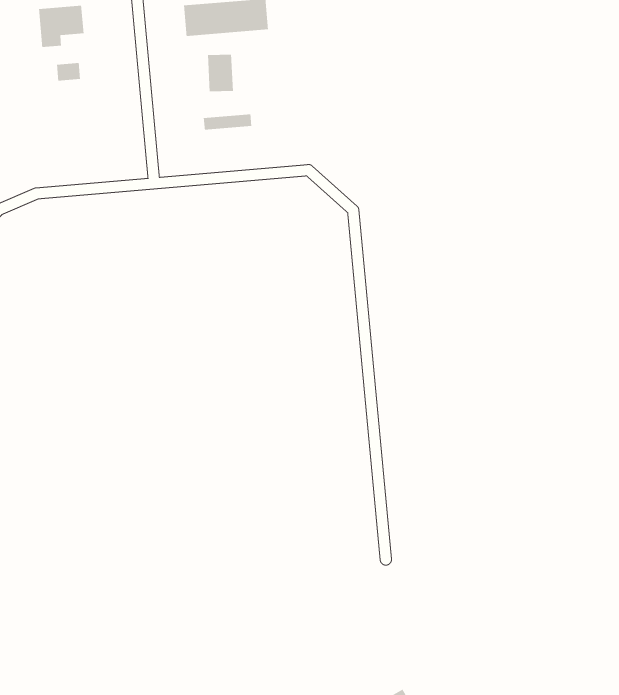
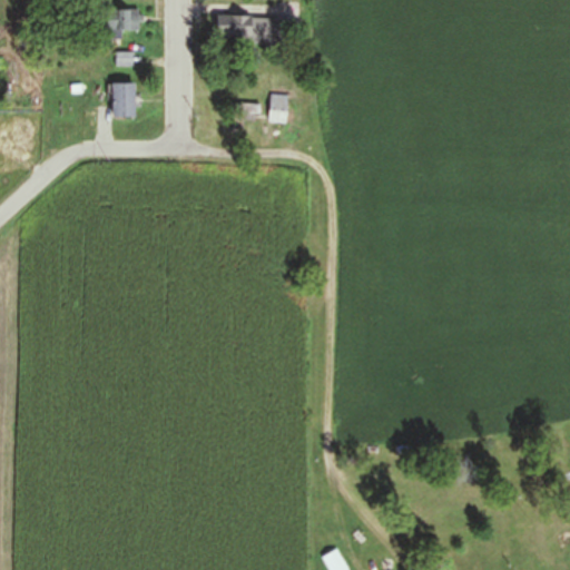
building: [207,54,234,92] -> [269,92,289,122]
building: none -> [112,82,135,117]

